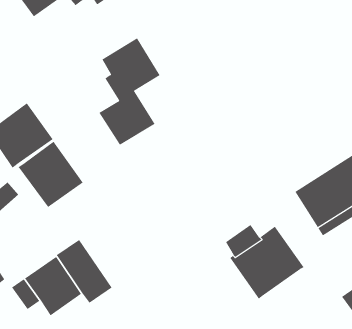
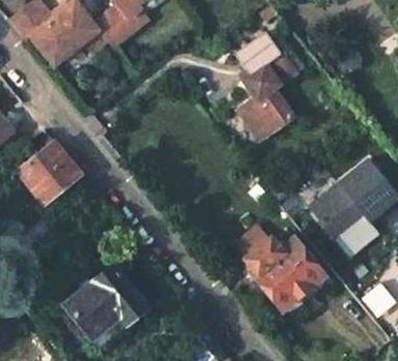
building: [99,38,160,146] -> [238,37,294,139]
building: [18,141,84,208] -> none

